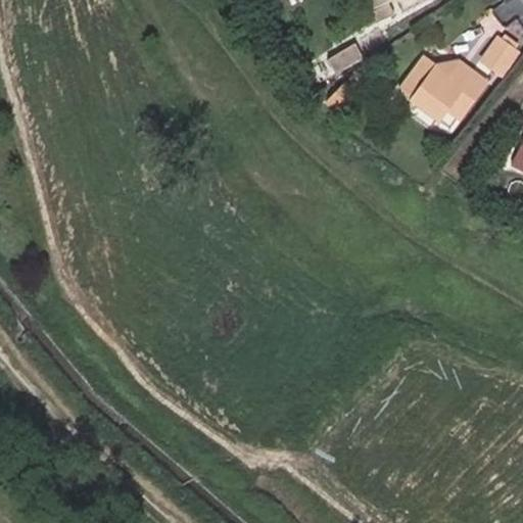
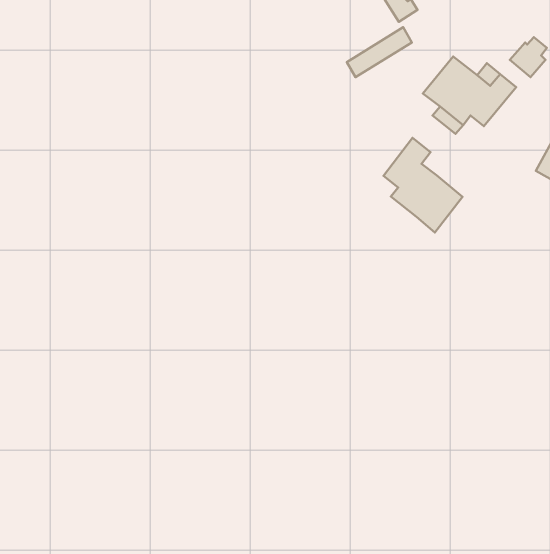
building: none -> [383,138,462,232]

